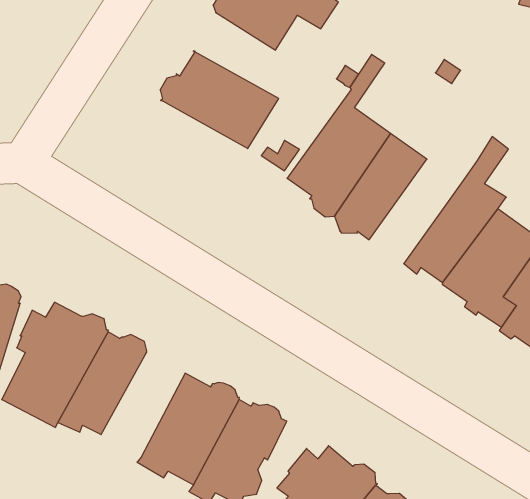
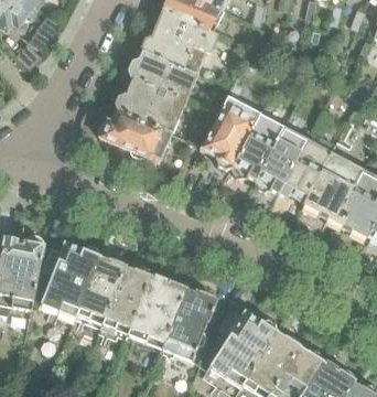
building: none -> [129,51,197,99]
building: none -> [97,109,172,158]
building: none -> [254,126,306,192]
building: none -> [99,266,151,334]

